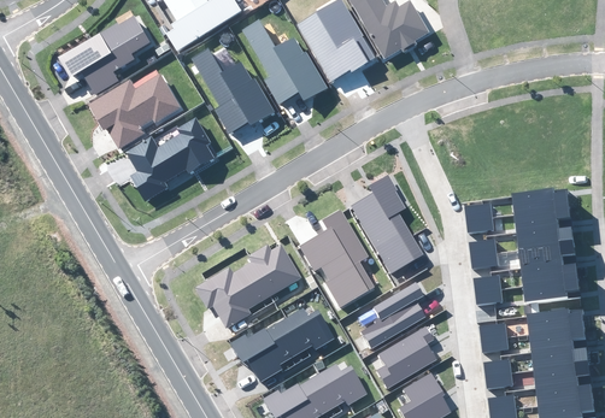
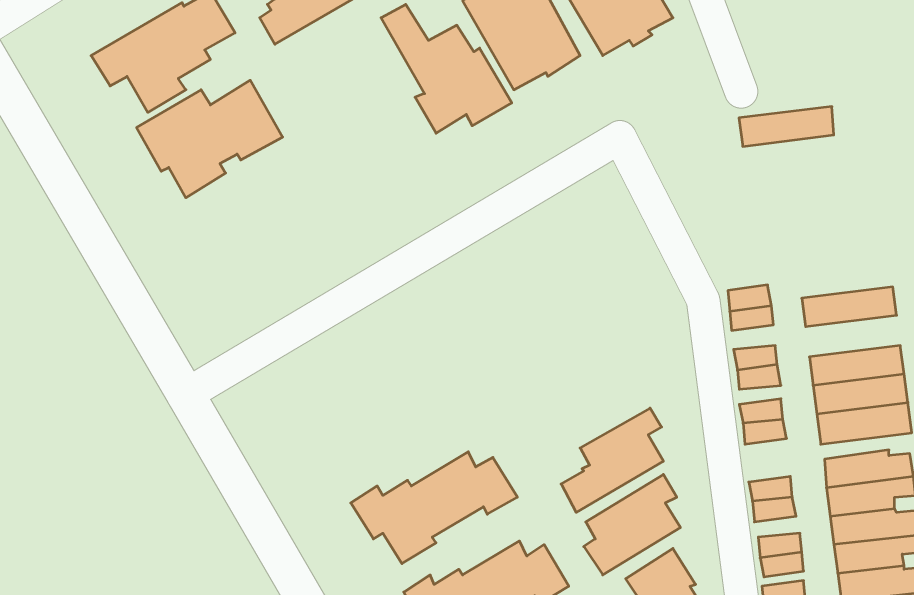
building: [195,49,278,131] -> none
building: [129,117,217,200] -> none
building: [348,175,421,273] -> none
building: [511,187,571,212] -> [739,107,834,146]
building: [296,211,372,306] -> none
building: [516,223,576,249] -> none
building: [193,243,300,329] -> none

